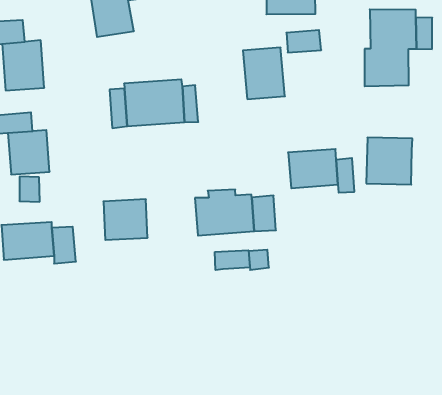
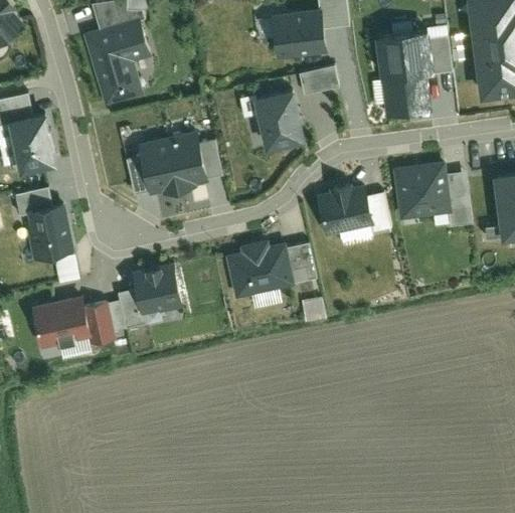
building: none -> [444,174,470,225]
building: none -> [120,289,143,325]
building: [215,250,250,270] -> none

